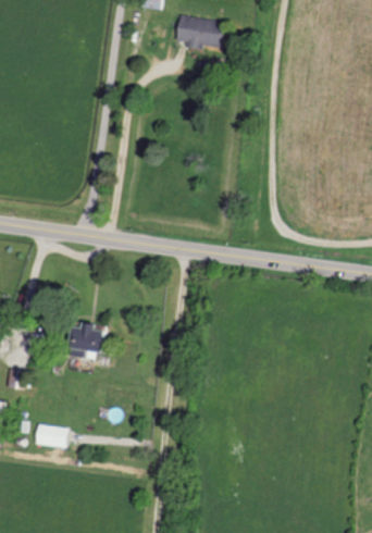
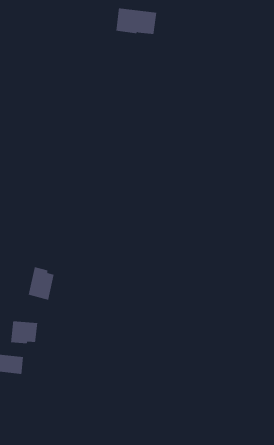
building: none -> [11,320,38,344]

